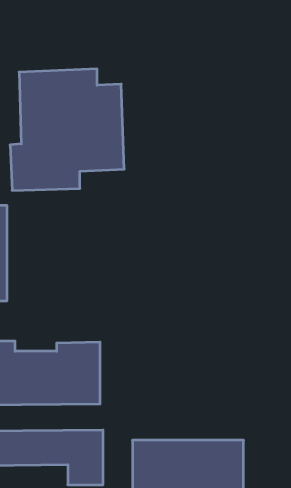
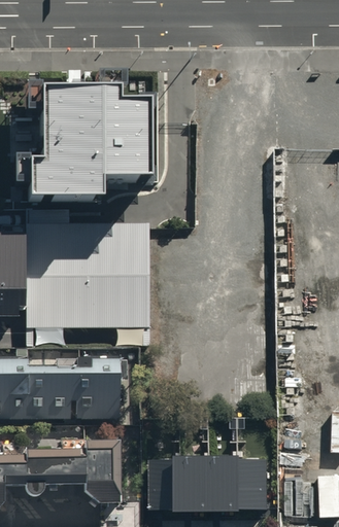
building: none -> [30,229,143,331]

